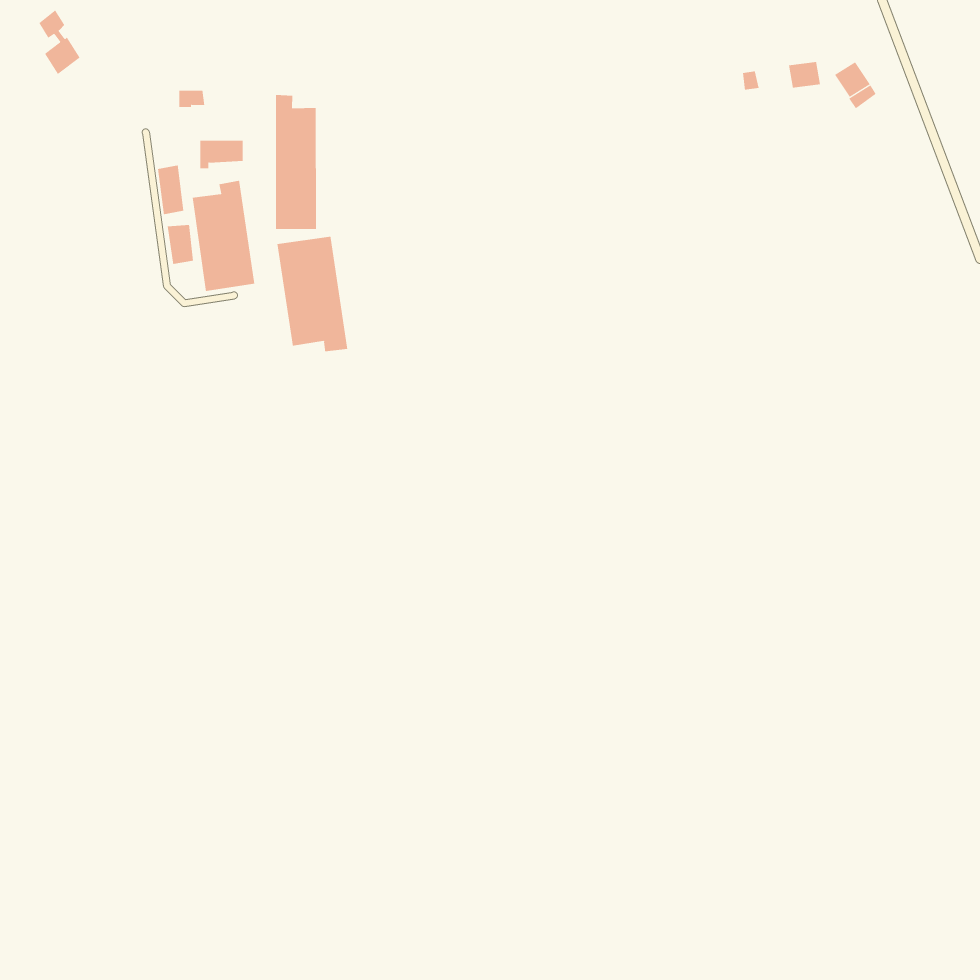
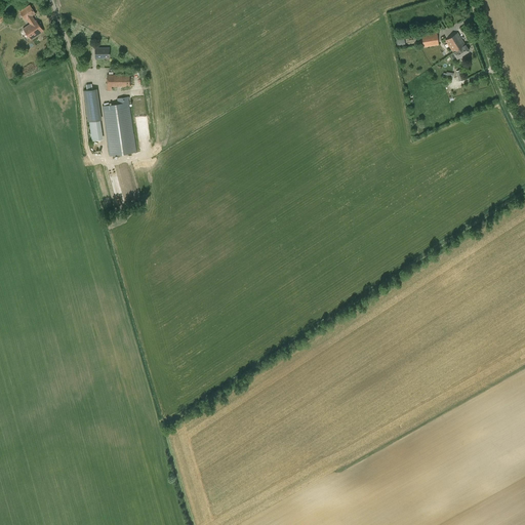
building: [276,94,316,230] -> none
building: [277,236,348,352] -> none

